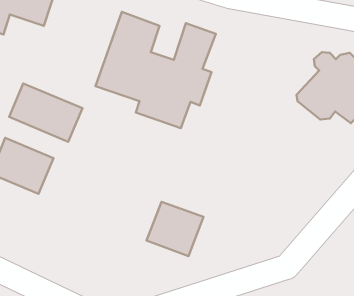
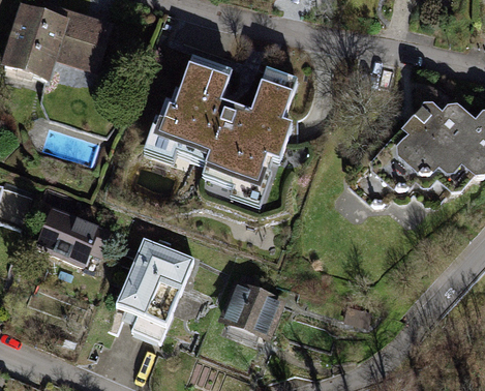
building: [9,83,82,142] -> none
building: none -> [114,237,194,330]

